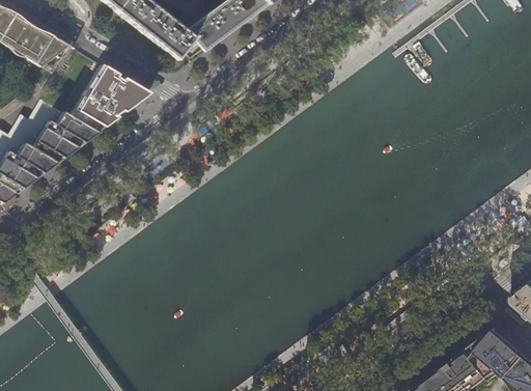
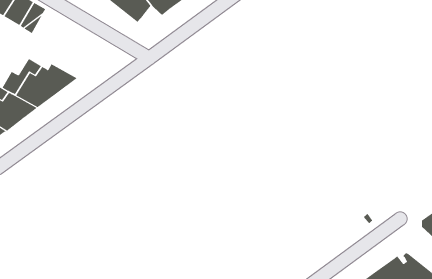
building: [75,62,150,124] -> none

